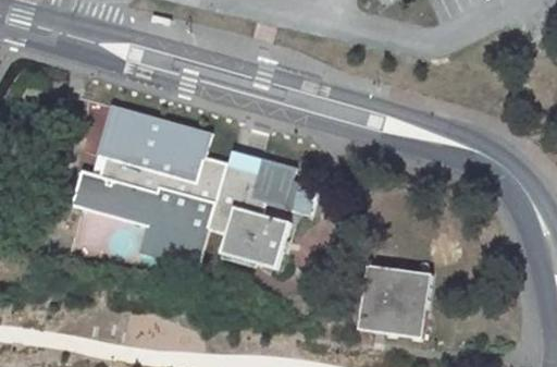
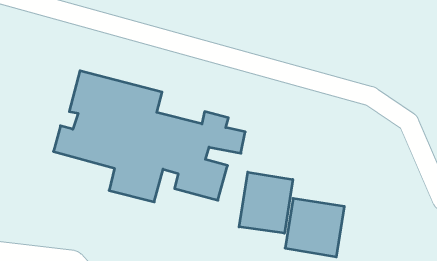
building: none -> [239,172,293,233]

